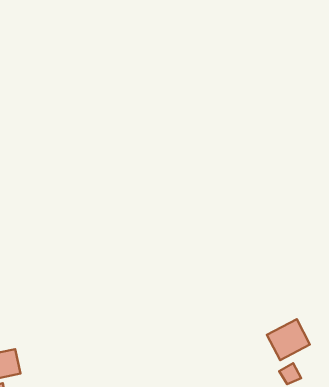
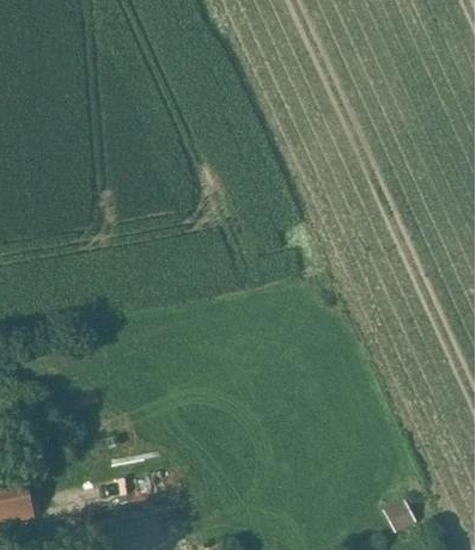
building: [267,319,310,360] -> none

